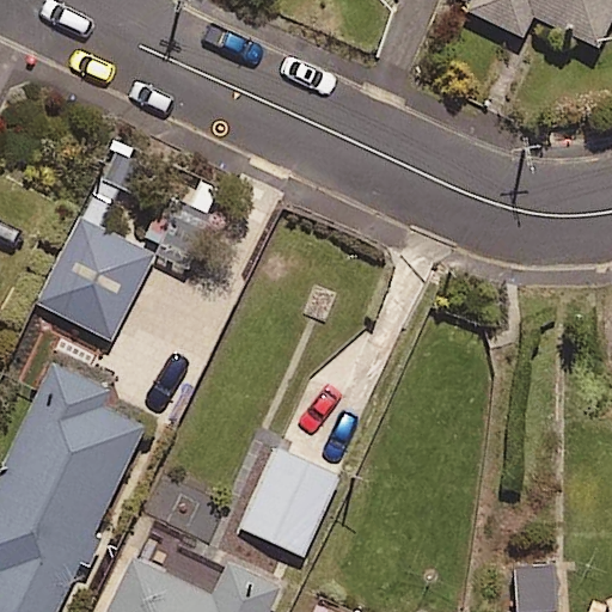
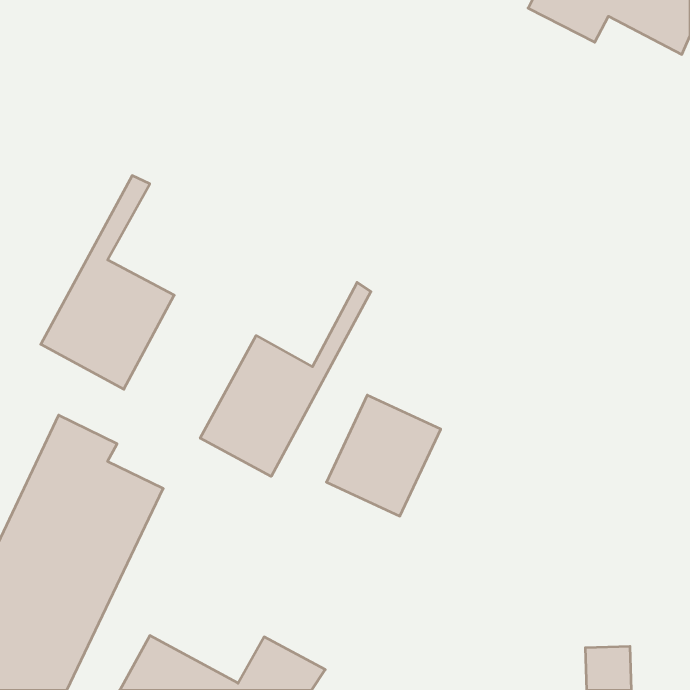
building: none -> [200,282,371,476]
building: [239,449,339,556] -> [326,395,441,516]

